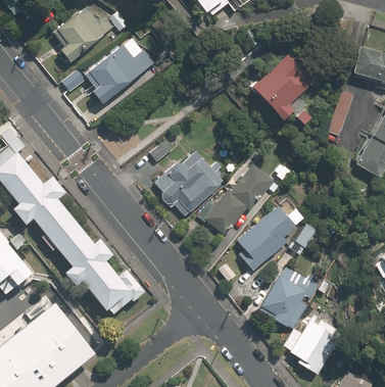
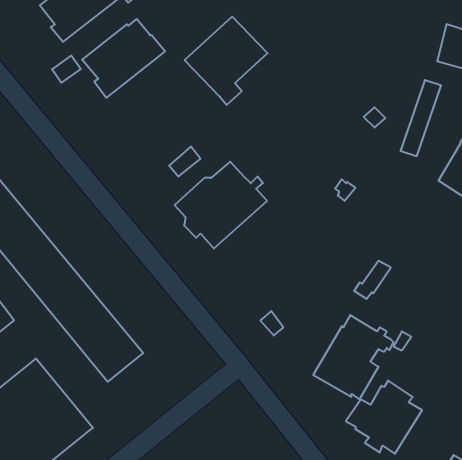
building: [253,53,316,119] -> [185,17,268,105]
building: [198,162,276,235] -> none
building: [238,204,297,270] -> none

